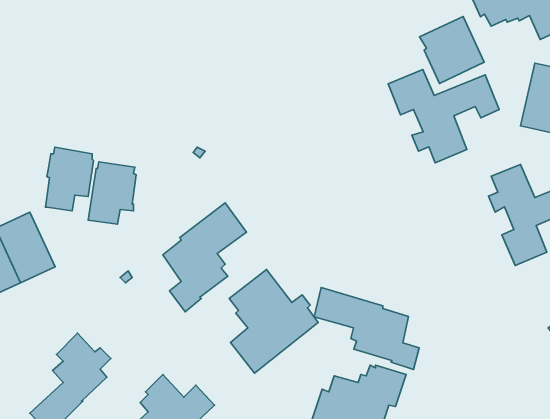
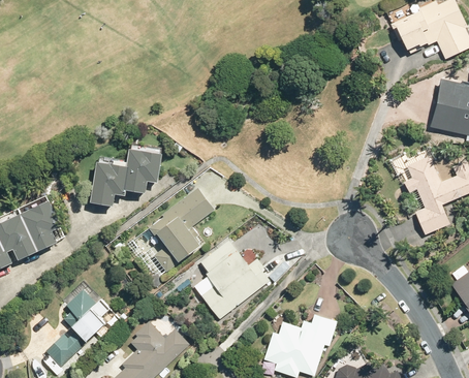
building: [419,17,484,84] -> none
building: [388,69,499,163] -> none
building: [46,147,93,211] -> [126,141,163,191]
building: [314,287,419,370] -> none

